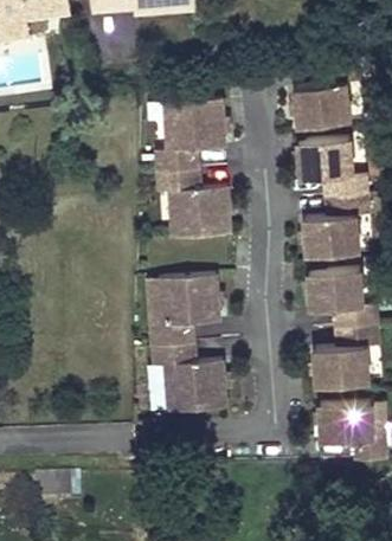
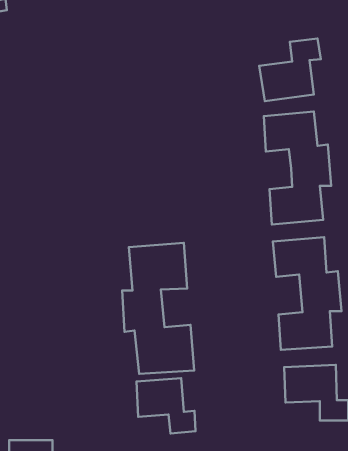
building: [154,99,229,237] -> none
building: none -> [136,378,195,433]

